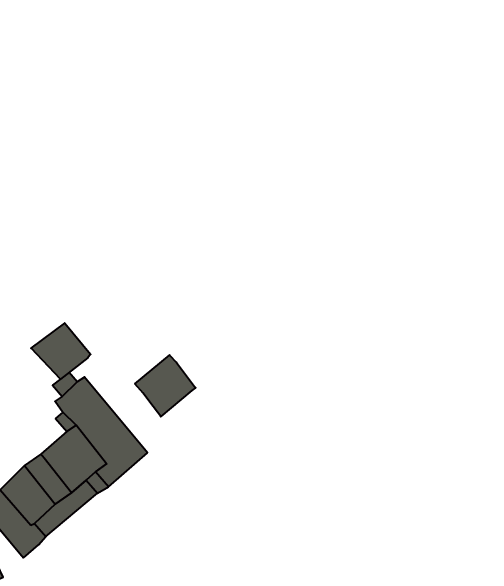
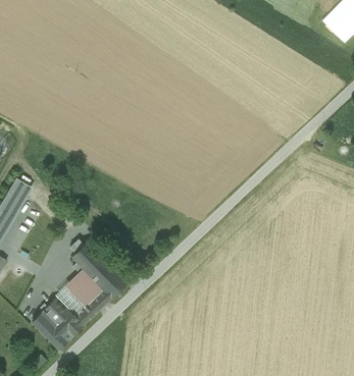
building: [31,323,91,379] -> none
building: [135,355,196,417] -> none

